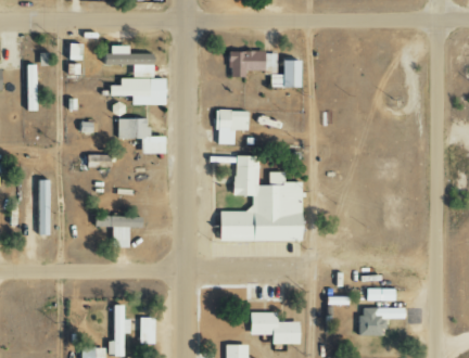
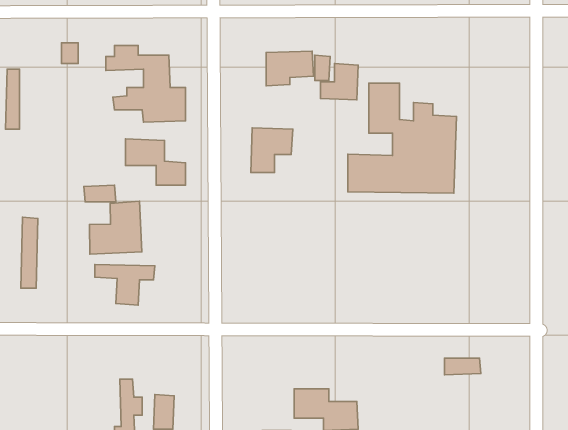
building: [218,155,303,241] -> [348,83,457,193]
building: none -> [89,201,142,254]
building: [360,306,404,335] -> none

